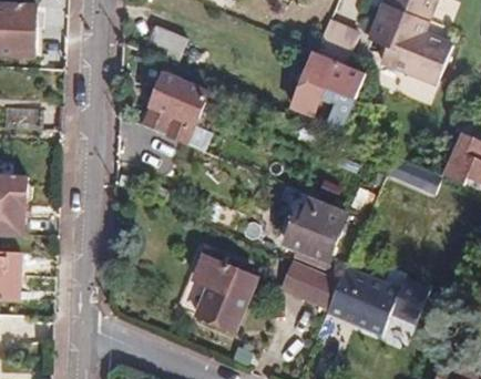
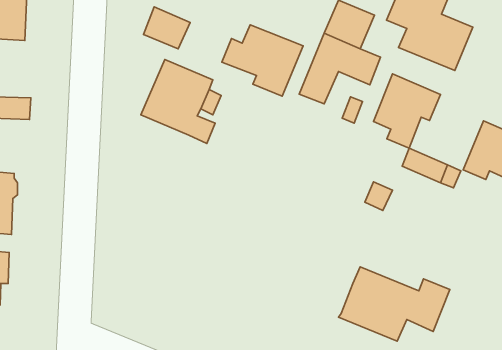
building: none -> [222,25,303,96]
building: none -> [373,74,441,148]
building: [284,201,347,260] -> none
building: [197,255,258,329] -> none
building: [280,259,339,308] -> none

